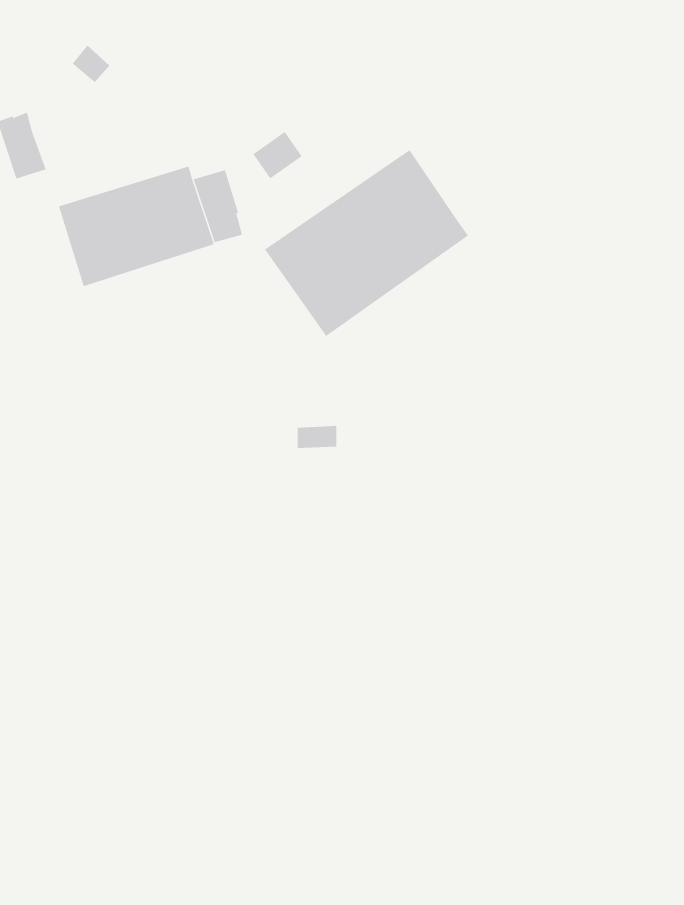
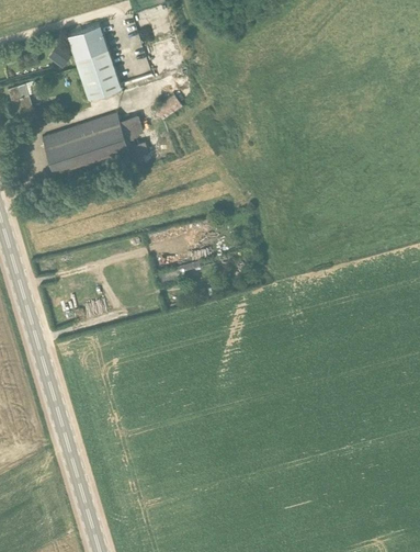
building: none -> [67,25,120,99]
building: [264,150,469,337] -> none

